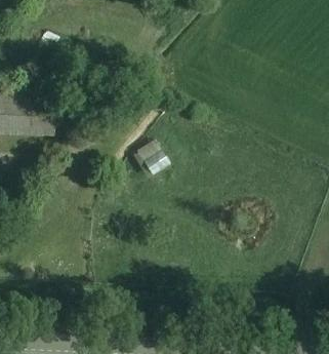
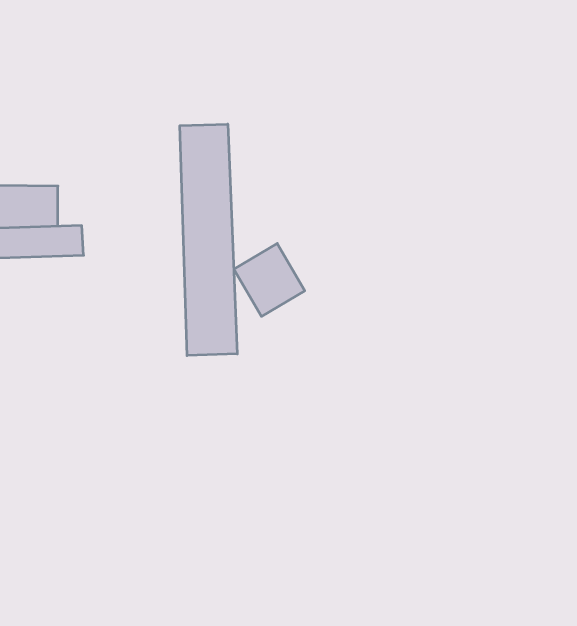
building: none -> [180,124,237,356]

